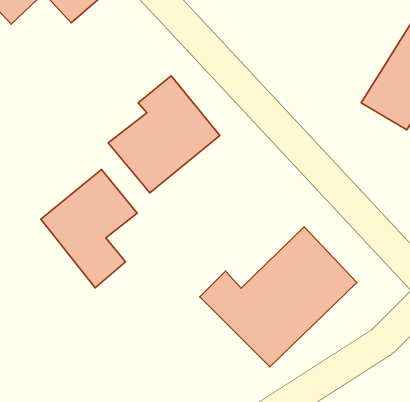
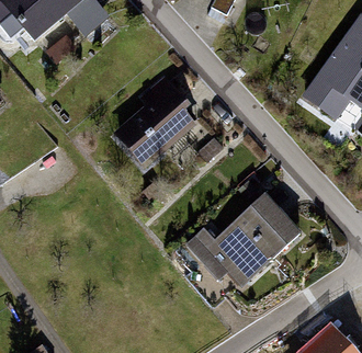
building: [41,169,137,288] -> none

